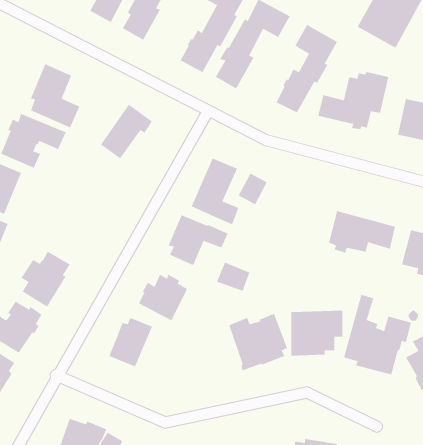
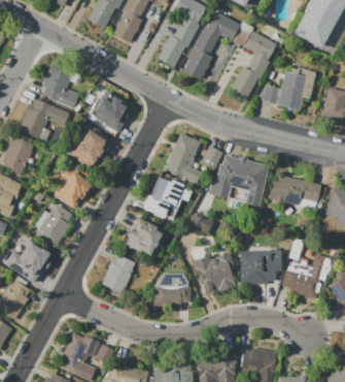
building: none -> [69,128,108,167]
building: none -> [209,154,271,206]
building: none -> [55,162,94,209]
building: none -> [153,273,191,306]

